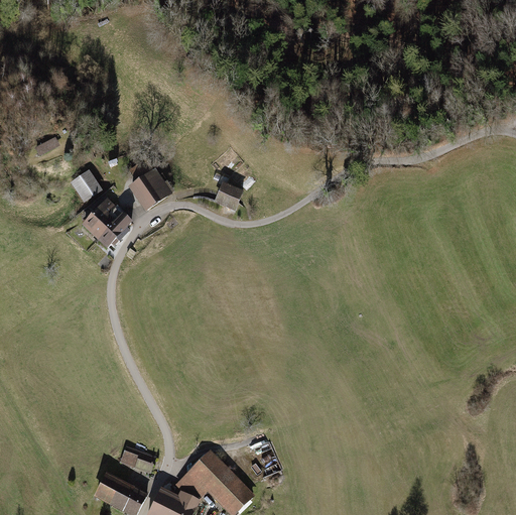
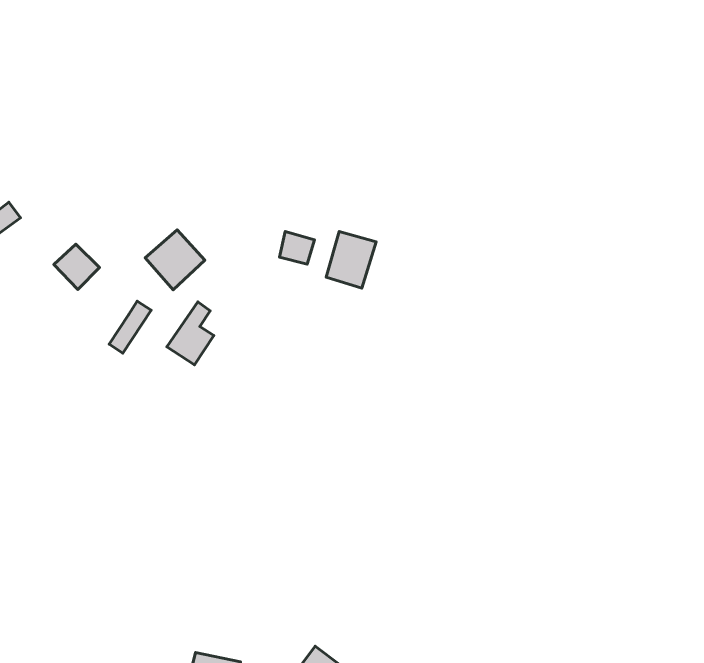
building: none -> [326,231,376,288]
building: [84,199,115,239] -> [167,302,214,365]

